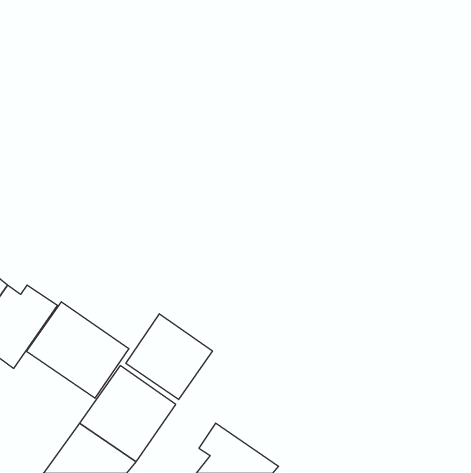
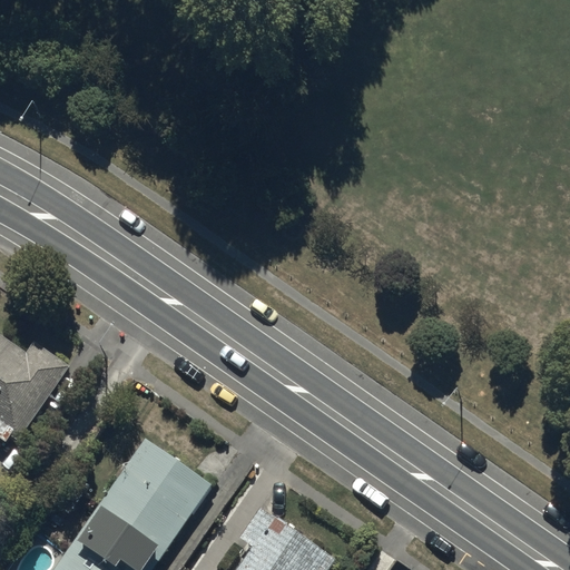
building: [27,302,129,398] -> none
building: [126,314,212,400] -> none

